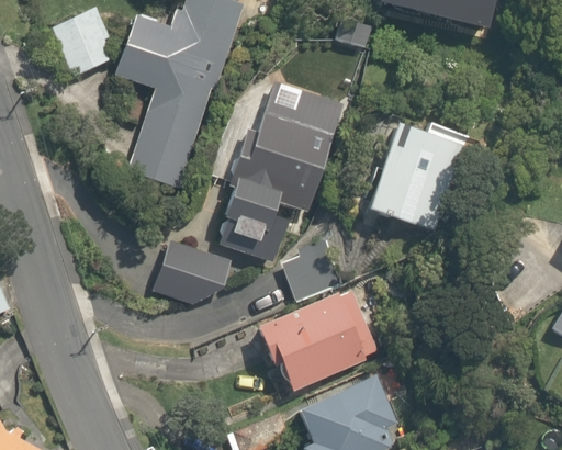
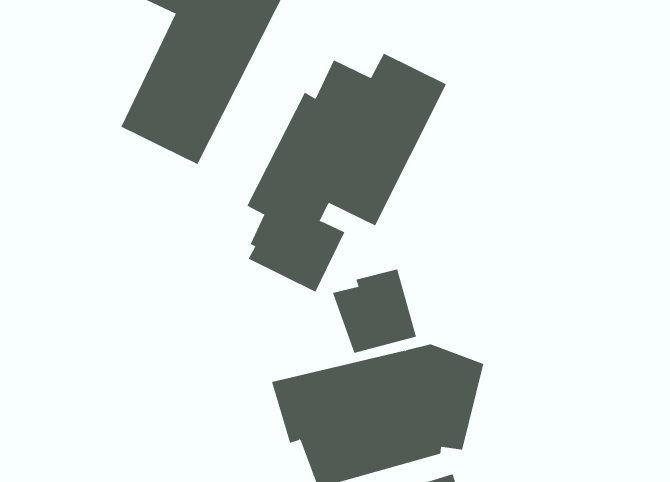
building: [360,122,474,230] -> none
building: [156,239,233,307] -> none

